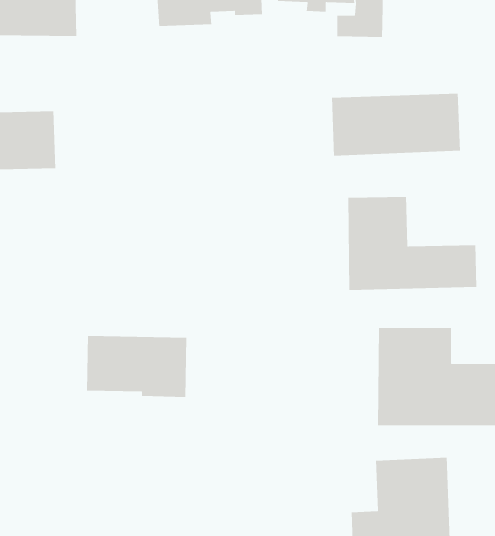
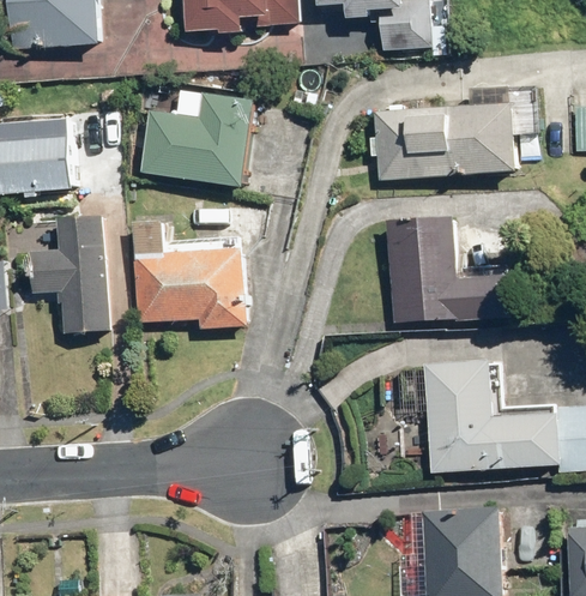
building: none -> [140,94,255,188]
building: none -> [29,215,110,332]
building: [86,335,187,398] -> [137,258,247,326]

